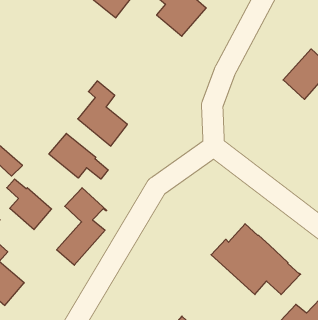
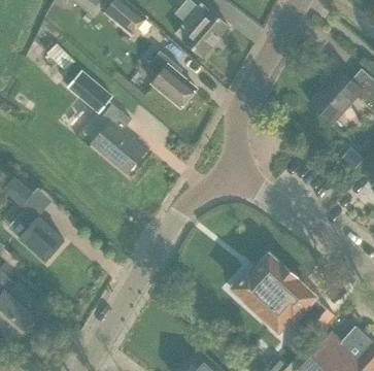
building: none -> [146,50,196,107]
building: none -> [67,69,113,113]
building: [49,133,108,179] -> none
building: [57,188,107,265] -> none

